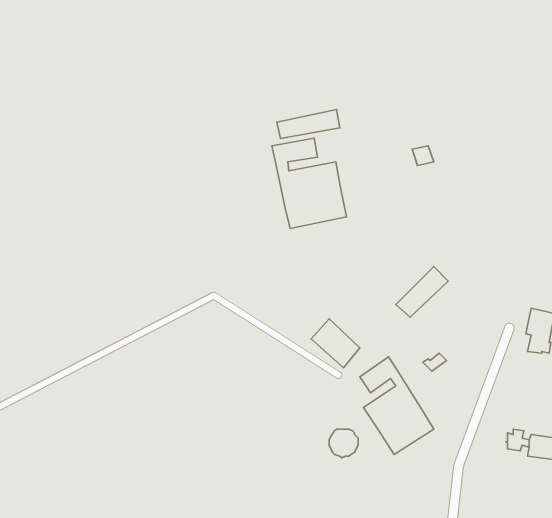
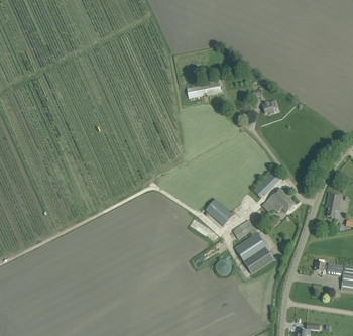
building: [272,138,346,229] -> none
building: none -> [262,187,297,212]

